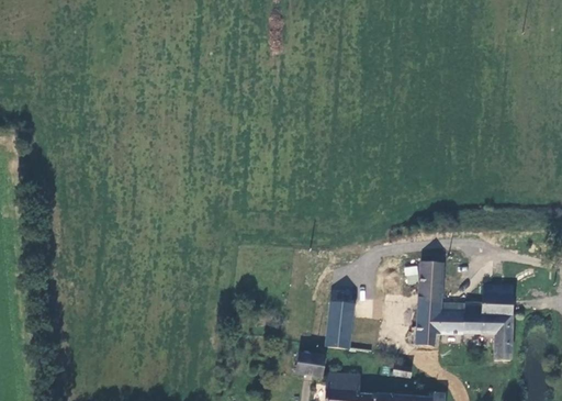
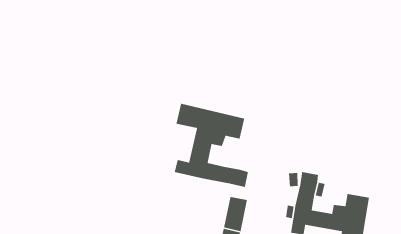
building: none -> [174,103,249,188]

